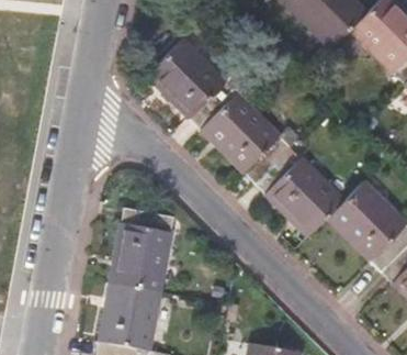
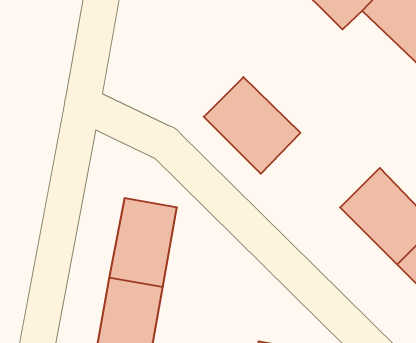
building: [144,36,236,129] -> none
building: [252,144,343,235] -> none

